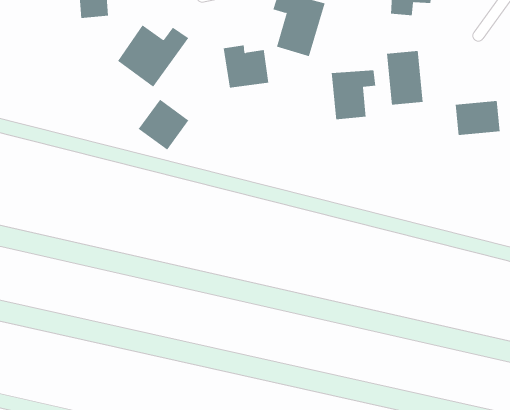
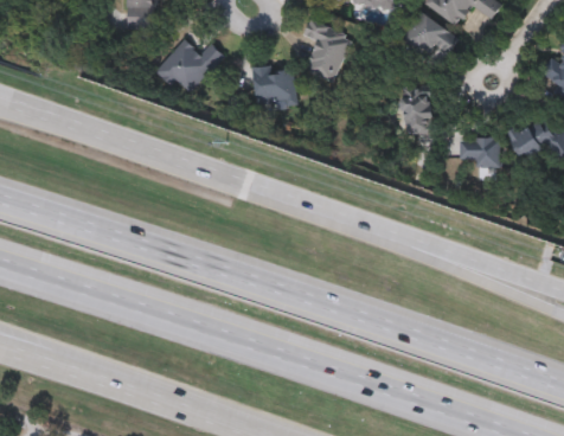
building: [331,70,376,120] -> none
building: [138,99,189,150] -> none

